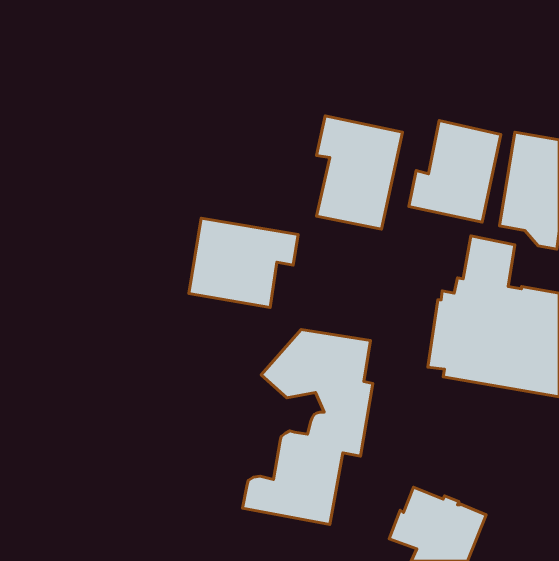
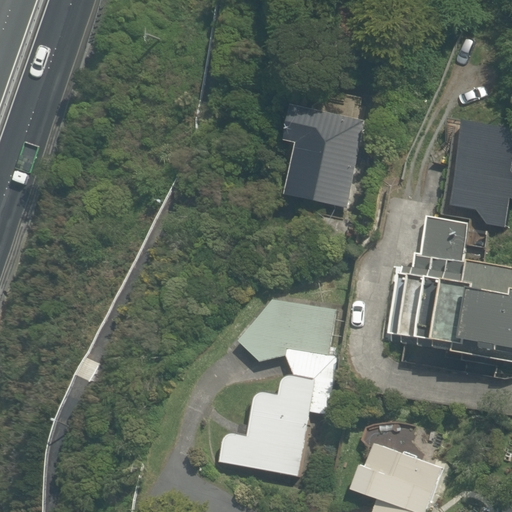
building: [409,121,501,222] -> none
building: [189,218,298,308] -> none

